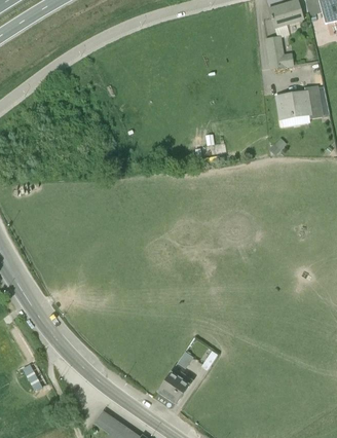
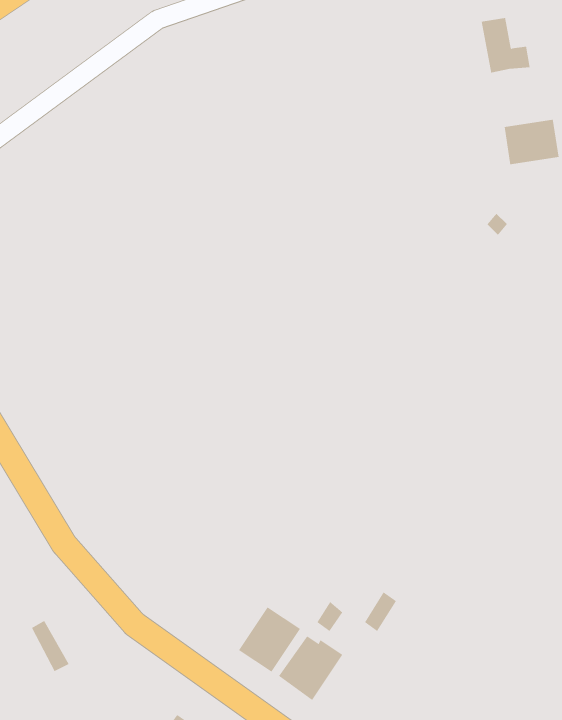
building: none -> [238,607,301,673]

